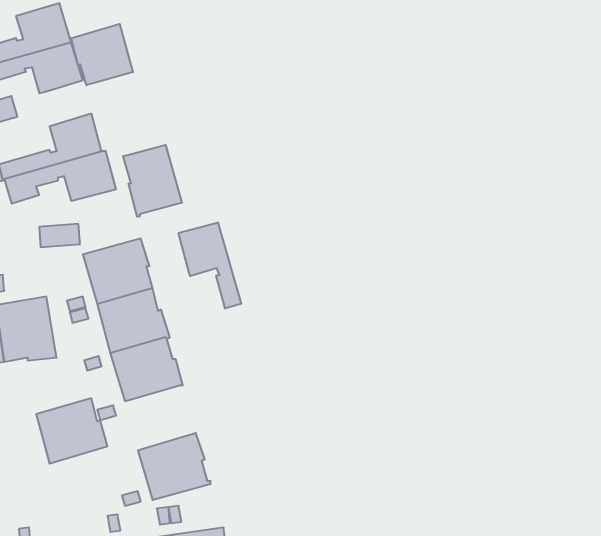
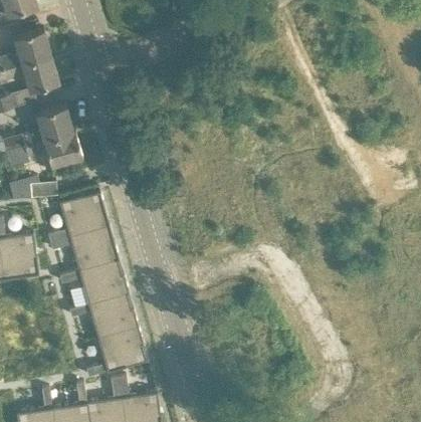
building: [71,24,133,85] -> none
building: [123,145,182,217] -> none
building: [179,222,241,309] -> none
building: [36,398,107,464] -> [88,293,138,339]

